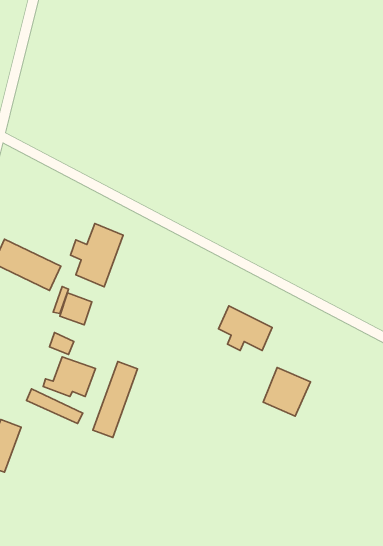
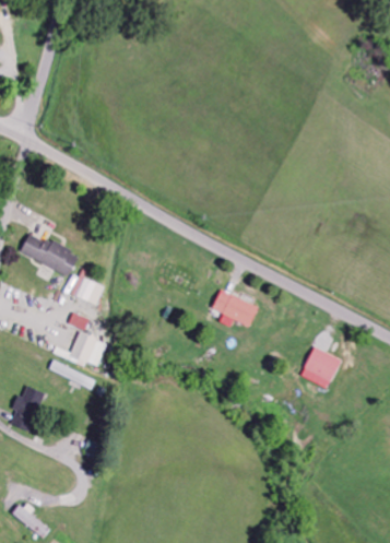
building: [70,223,123,287] -> none
building: [93,362,138,437] -> none
building: [263,368,310,416] -> [300,346,341,388]

